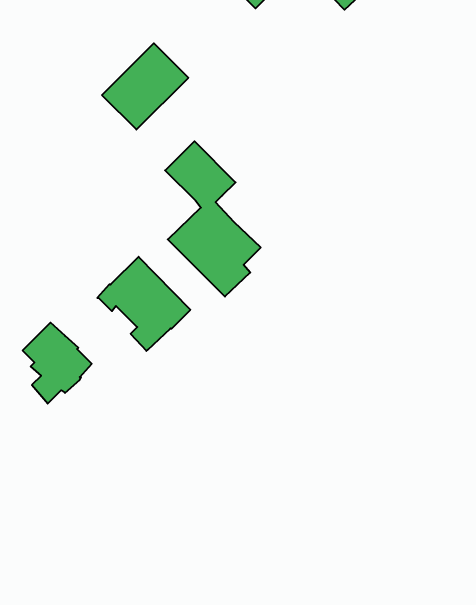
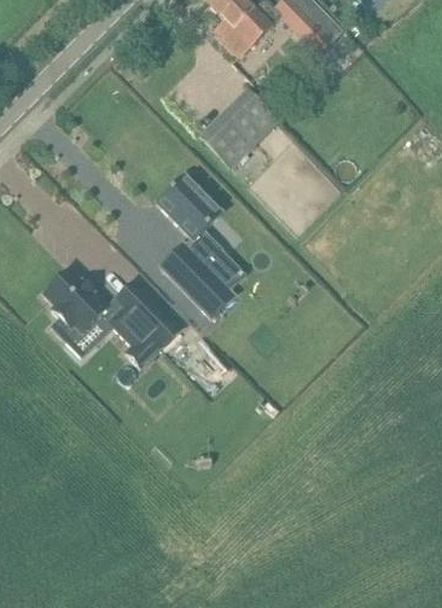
building: [102,43,188,130] -> [199,88,278,167]
building: [23,323,92,404] -> [43,268,106,342]

